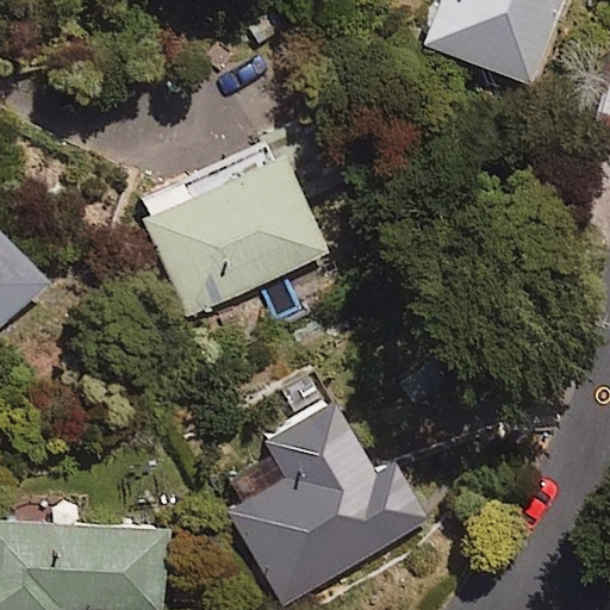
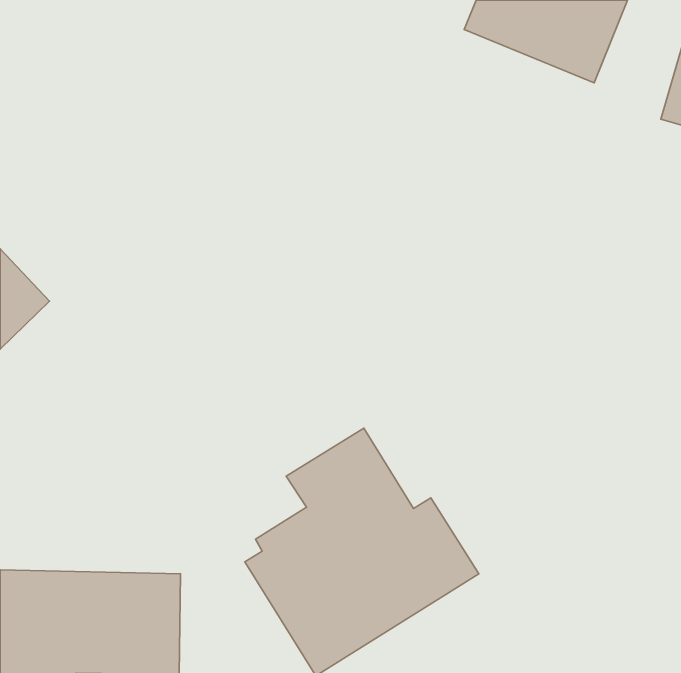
building: [131,129,357,322] -> none

